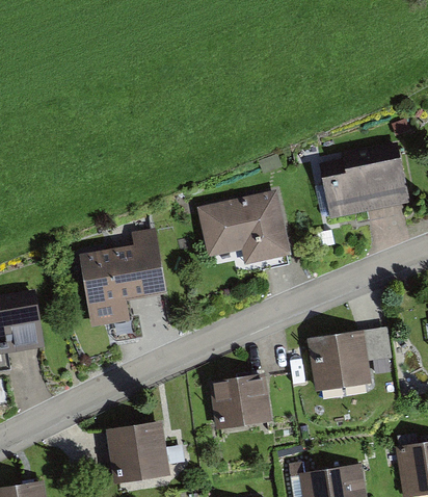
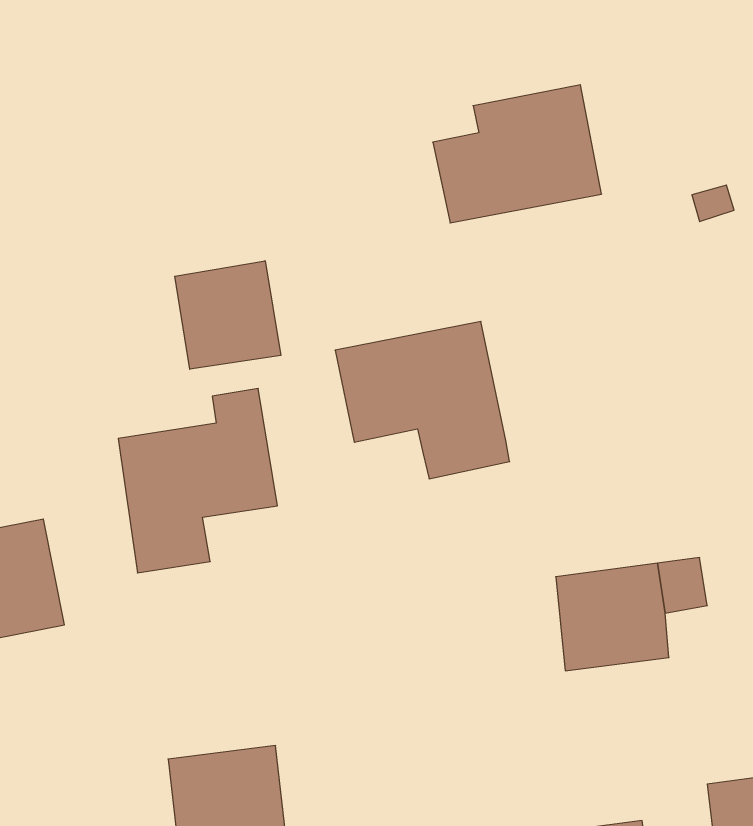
building: [318,145,409,219] -> [433,85,602,223]
building: none -> [175,261,281,369]
building: [210,375,271,429] -> none

